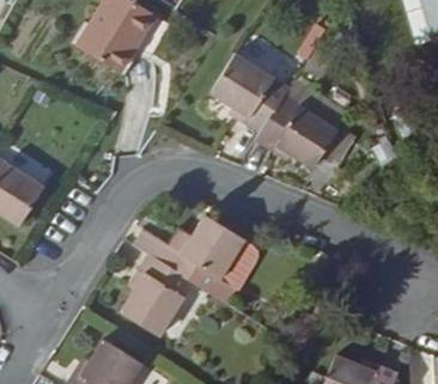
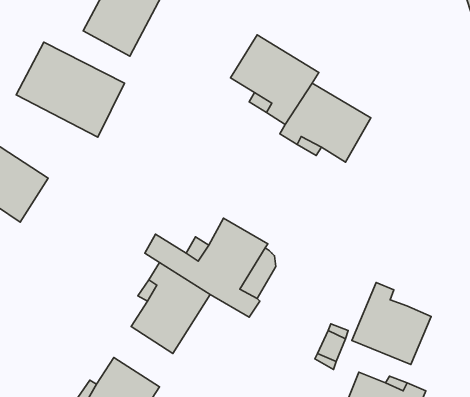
building: none -> [16,42,125,137]
building: none -> [352,283,431,364]

